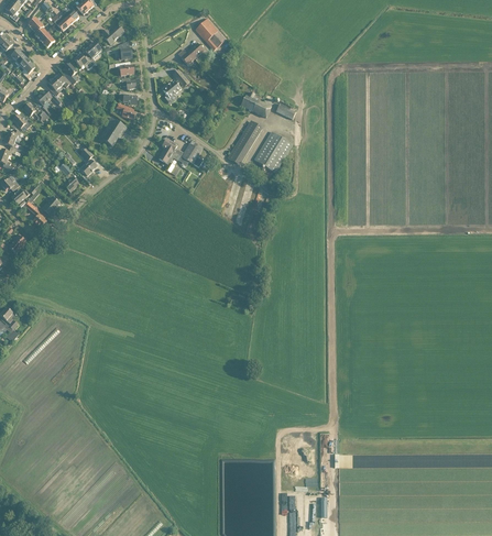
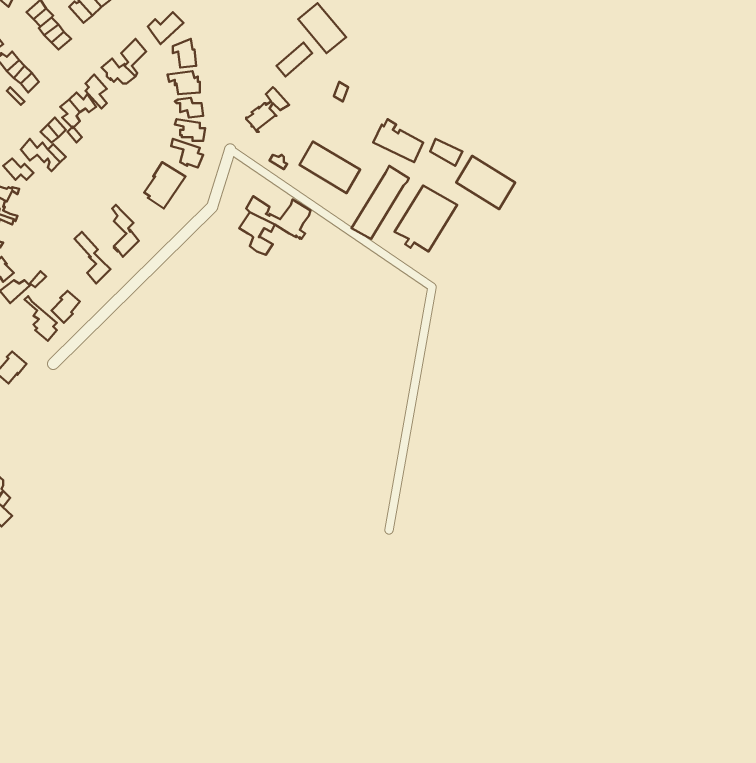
building: none -> [299,141,360,193]
building: none -> [456,156,515,209]

